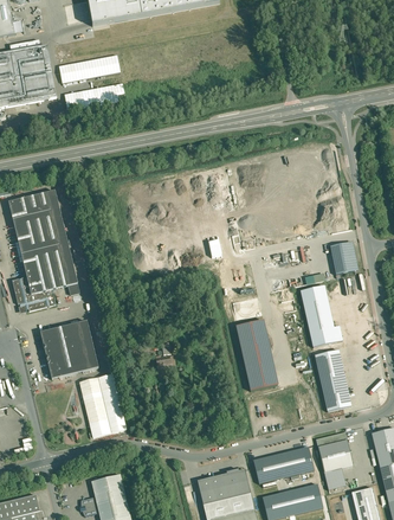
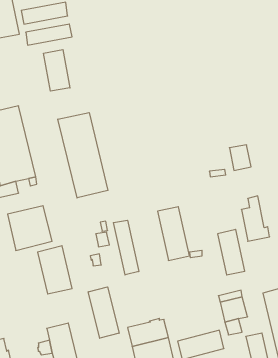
building: none -> [44,50,70,91]
building: none -> [58,113,108,198]
building: [303,284,340,344] -> [241,196,270,241]
building: none -> [113,220,139,275]
building: none -> [88,287,119,338]
building: [253,445,312,482] -> none

